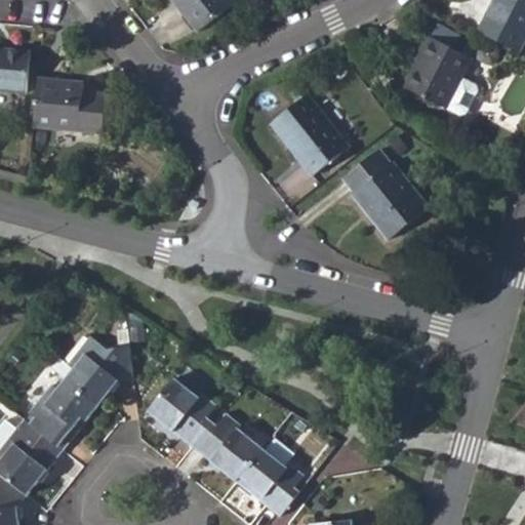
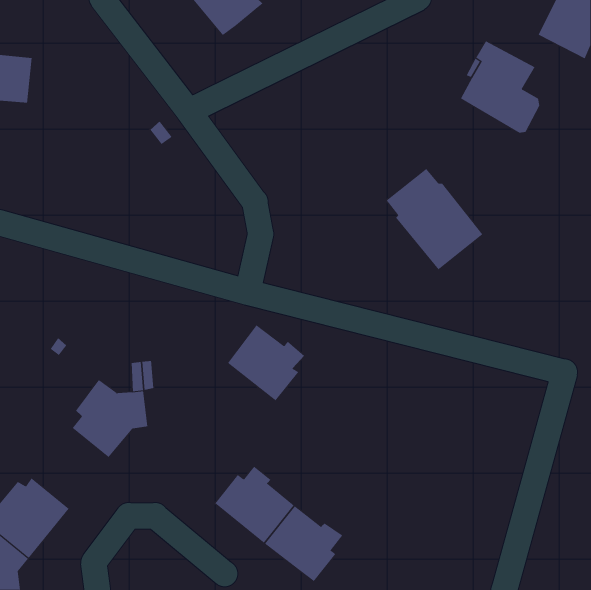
building: [32,78,105,132] -> none
building: [270,86,348,174] -> none
building: [147,377,215,445] -> [227,325,305,401]
building: [28,378,96,450] -> none

